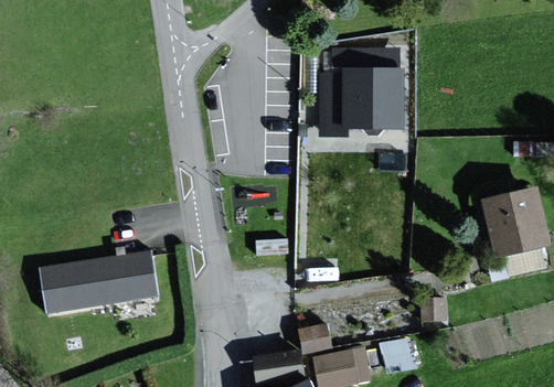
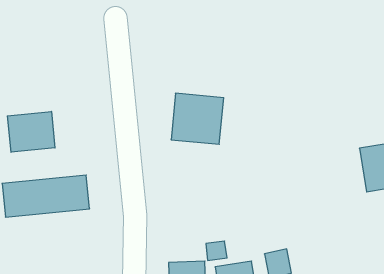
building: [342,67,405,128] -> [171,93,224,144]
building: none -> [7,111,55,152]

